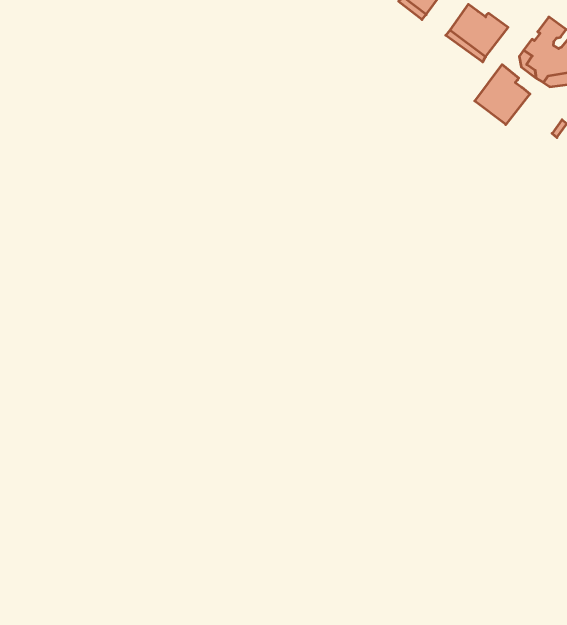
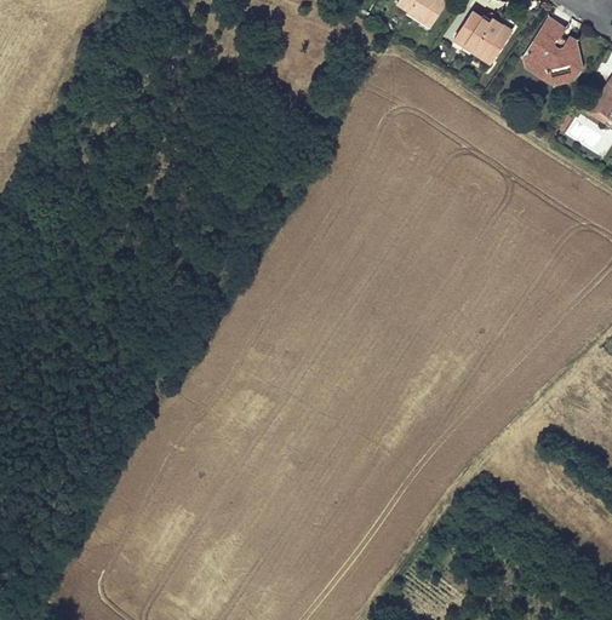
building: [475,65,530,125] -> none

